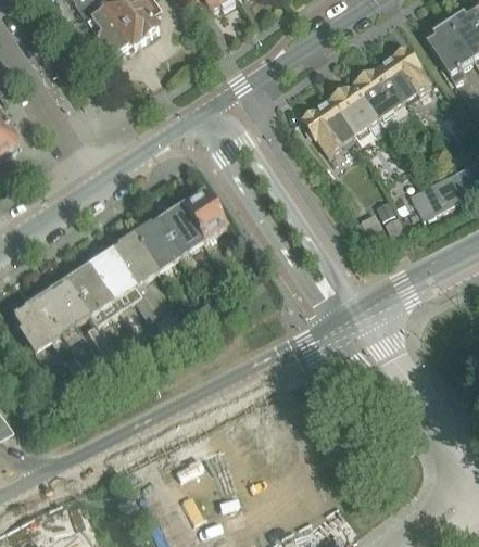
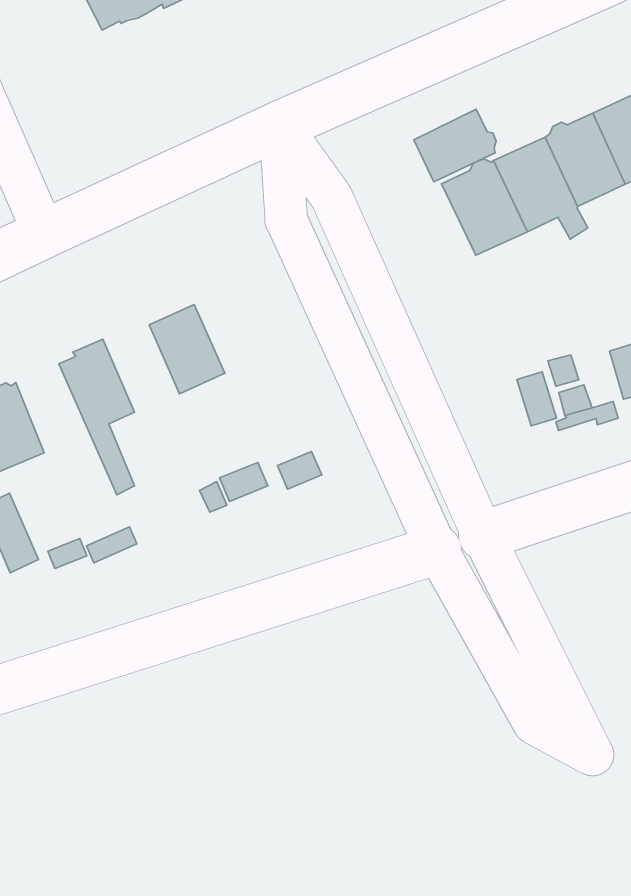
building: none -> [414,109,496,182]
building: [179,190,225,240] -> none
building: [133,220,179,269] -> none
building: [89,250,154,320] -> none

